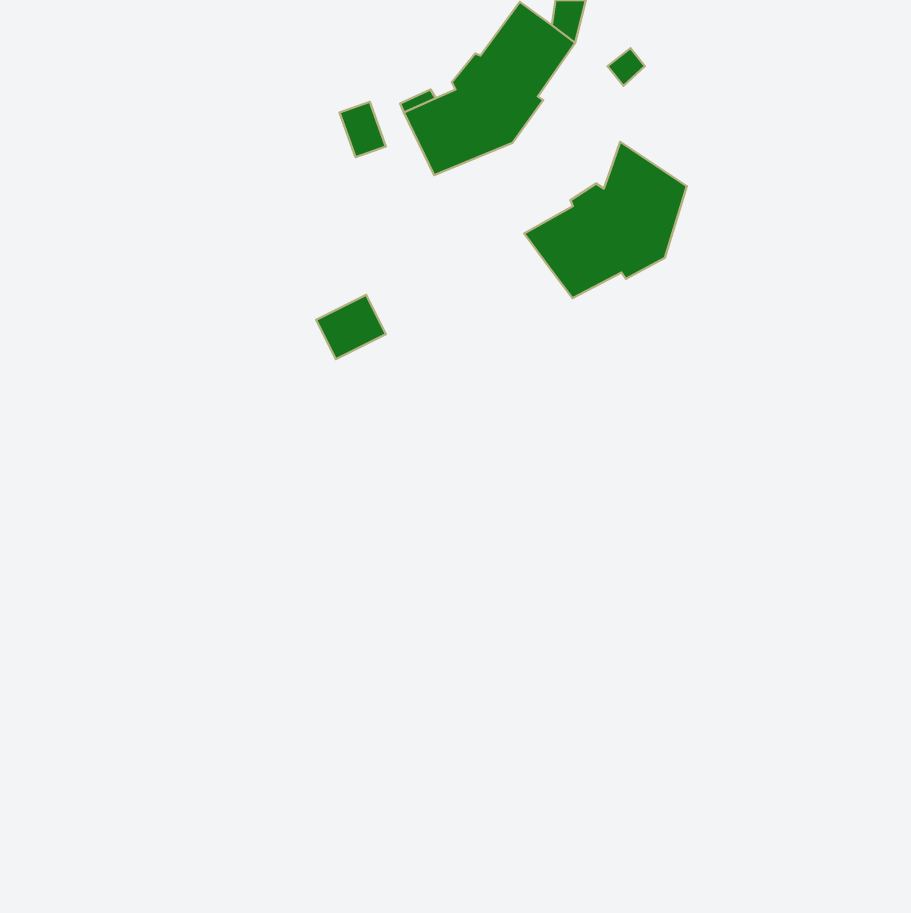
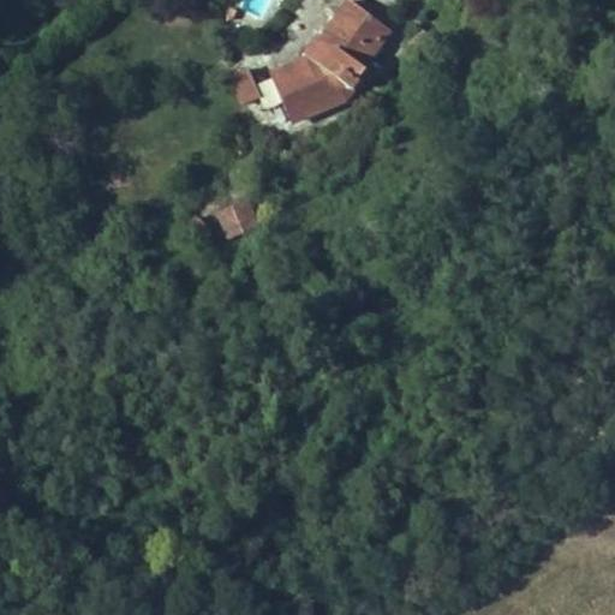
building: [524,142,687,298] -> none

